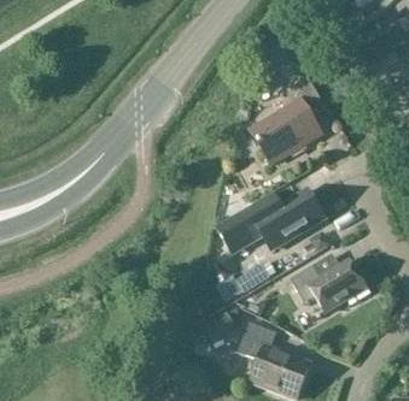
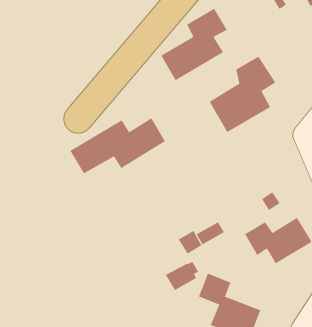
building: none -> [160,8,227,81]
building: [217,189,326,253] -> [70,118,166,174]

